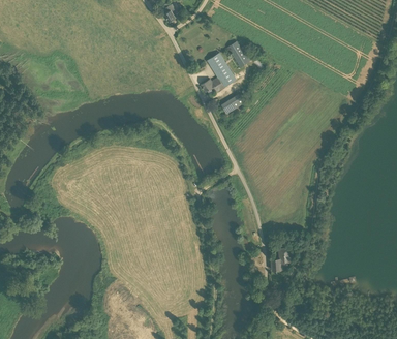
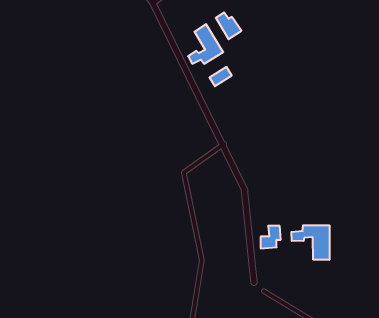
building: none -> [291,225,329,260]

